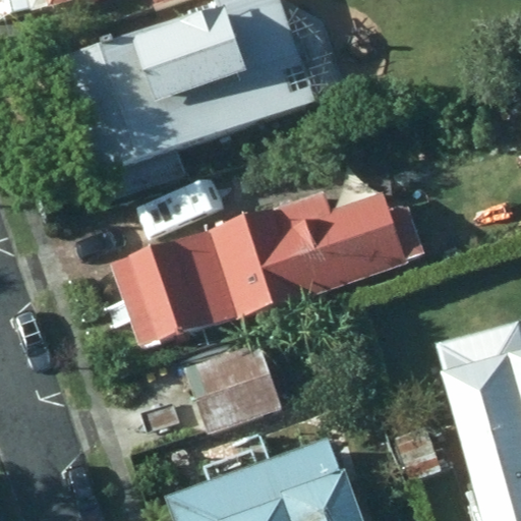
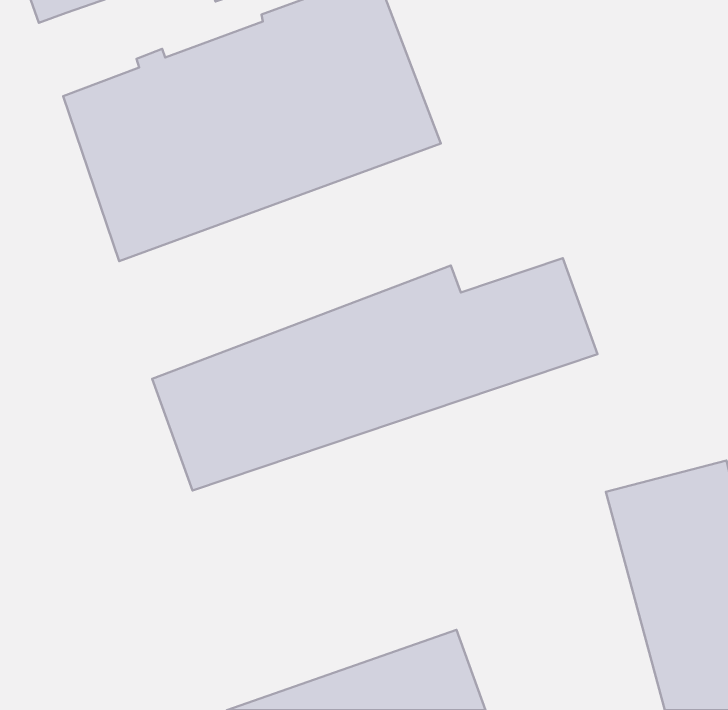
building: [185,339,283,431] -> none

